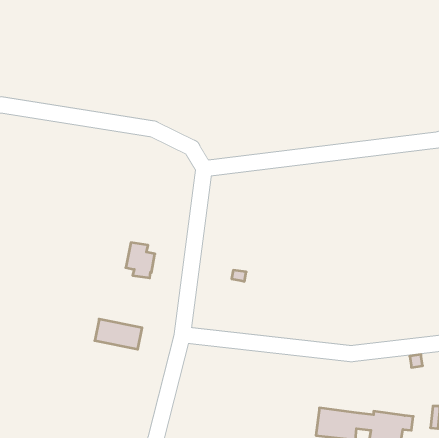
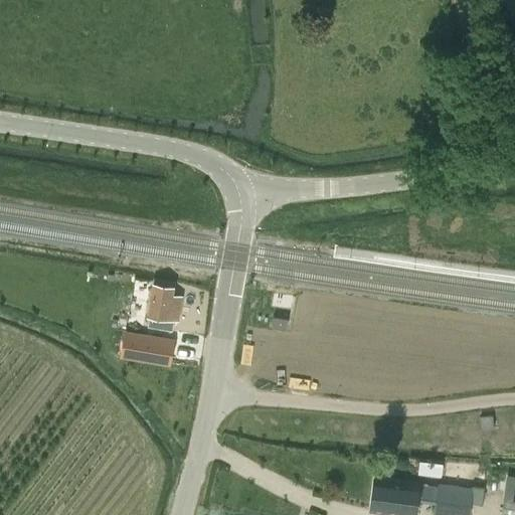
building: [95,319,142,349] -> [120,334,175,369]

